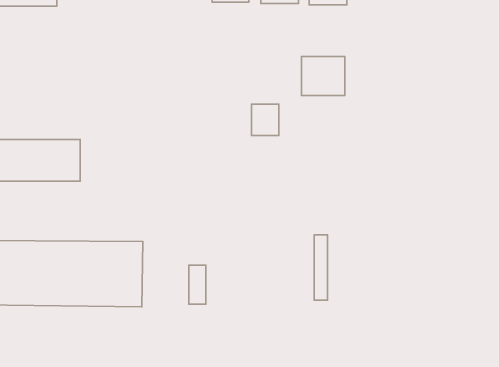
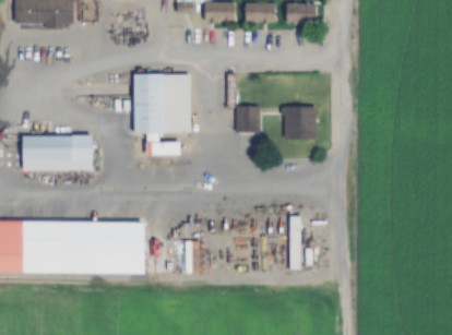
building: [302,56,345,96] -> [281,107,317,140]
building: none -> [133,73,190,156]

